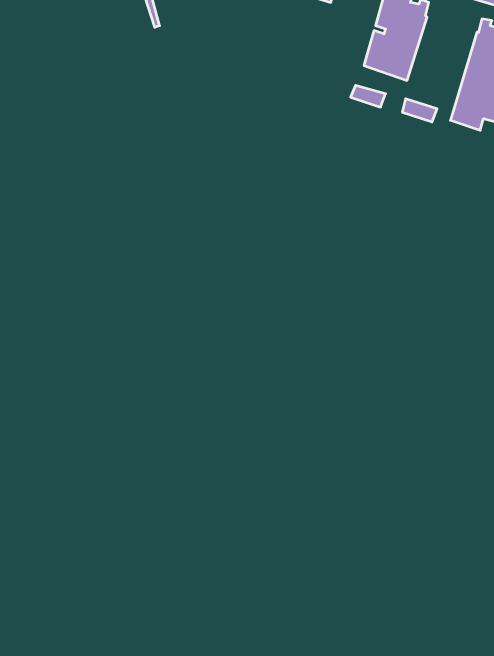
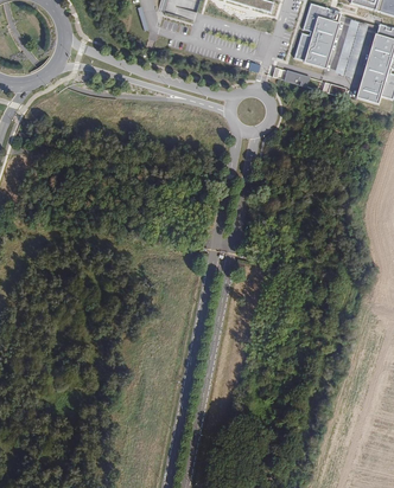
building: none -> [335,19,368,77]

